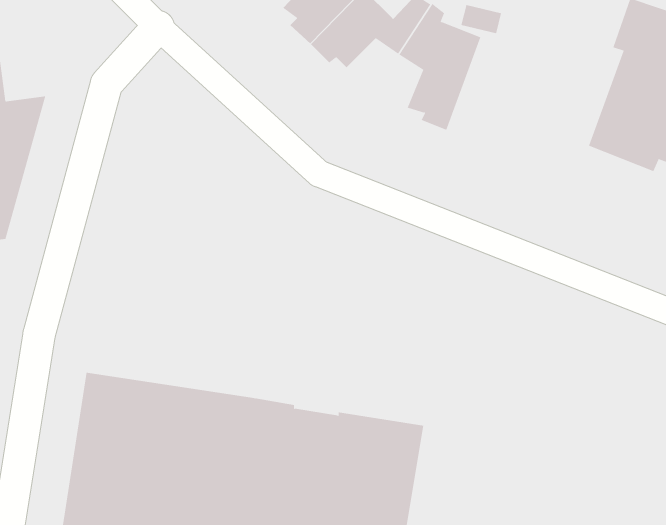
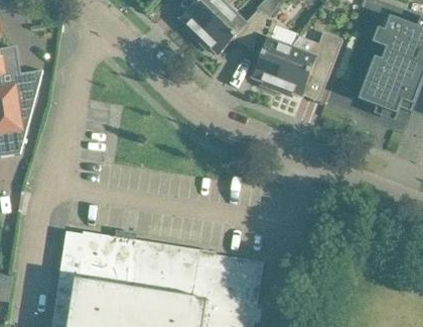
building: none -> [276,31,341,99]

